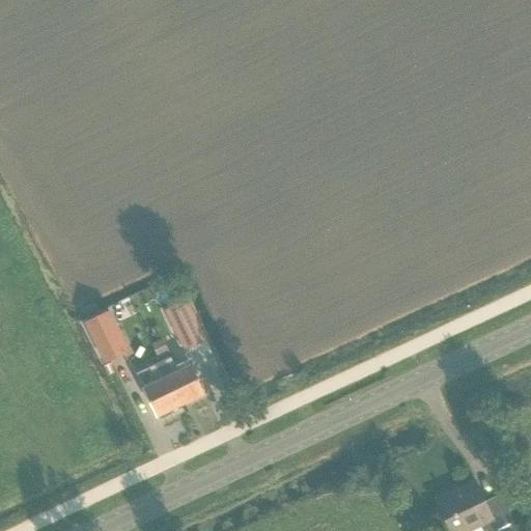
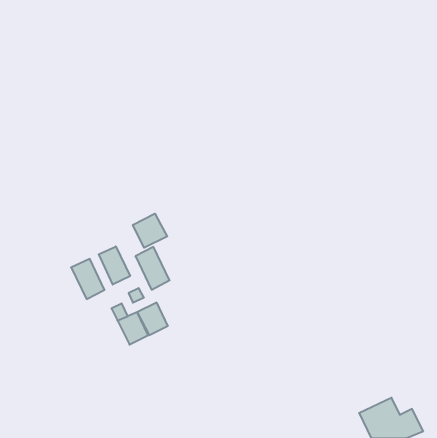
building: none -> [133,214,167,248]
building: none -> [99,246,130,285]

